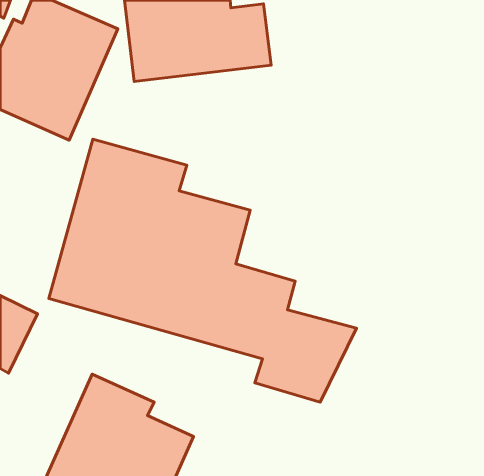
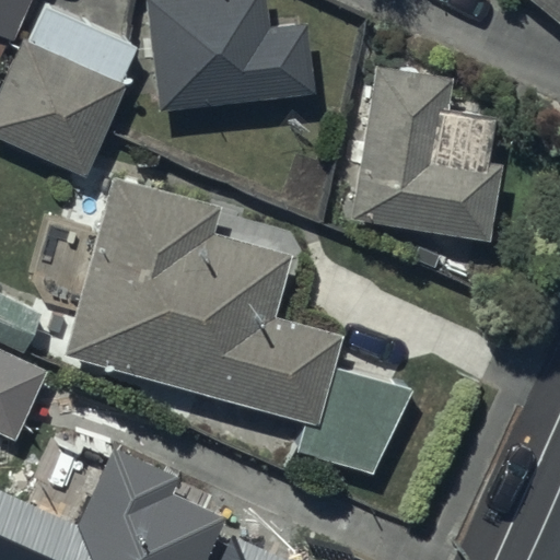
building: none -> [348,61,502,241]

